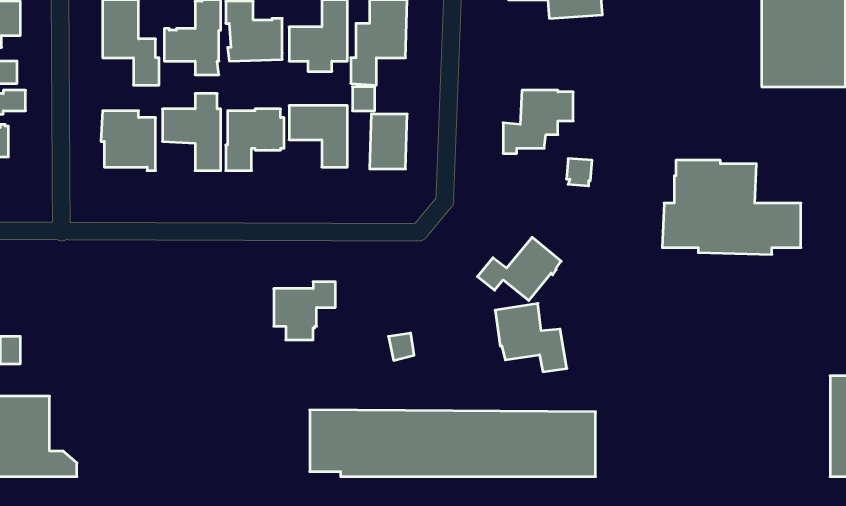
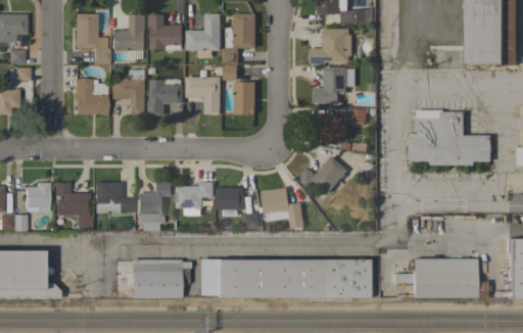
building: none -> [311,29,352,63]
building: none -> [321,116,348,142]
building: none -> [26,182,50,211]
building: none -> [54,182,90,228]
building: none -> [95,182,133,213]
building: none -> [138,182,173,230]
building: none -> [219,187,244,210]
building: [495,303,567,372] -> [263,187,305,228]
building: none -> [393,258,488,297]
building: none -> [116,259,190,298]

